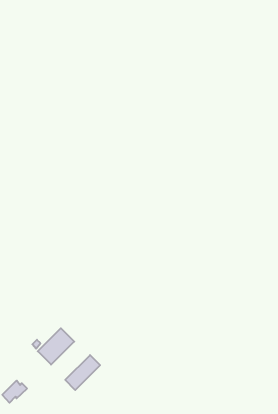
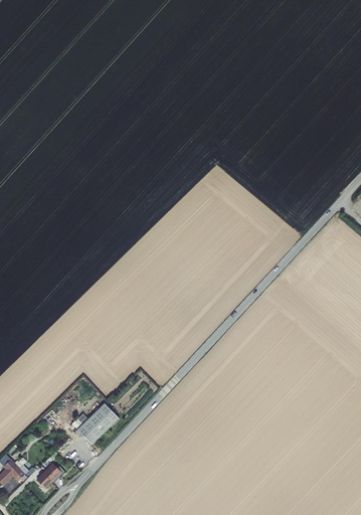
building: [65,355,100,390] -> none

